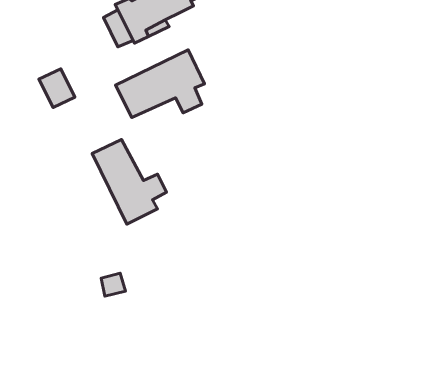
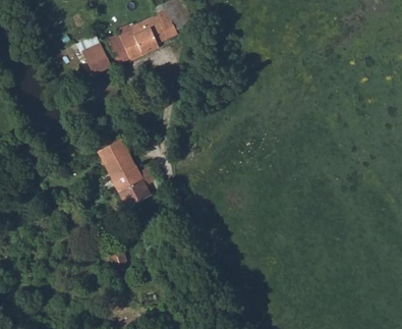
building: [116,50,205,117] -> none
building: [39,69,75,107] -> [82,43,111,73]

